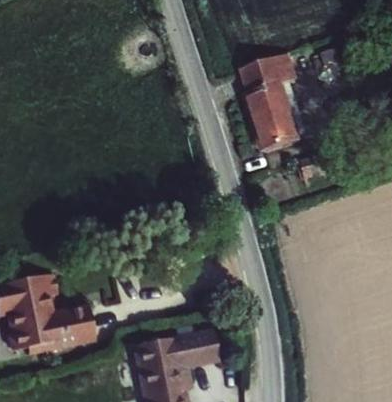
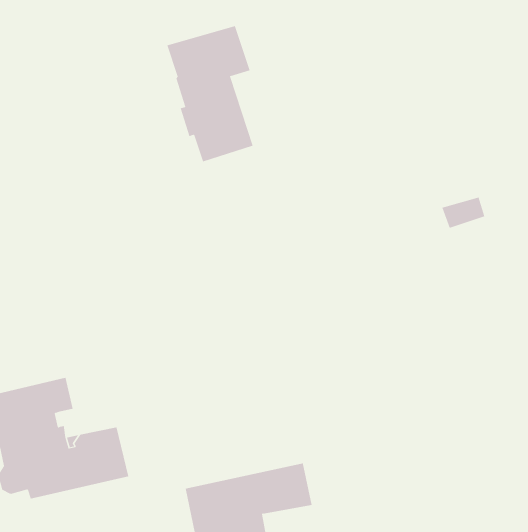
building: [240,61,298,152] -> [166,26,254,162]

